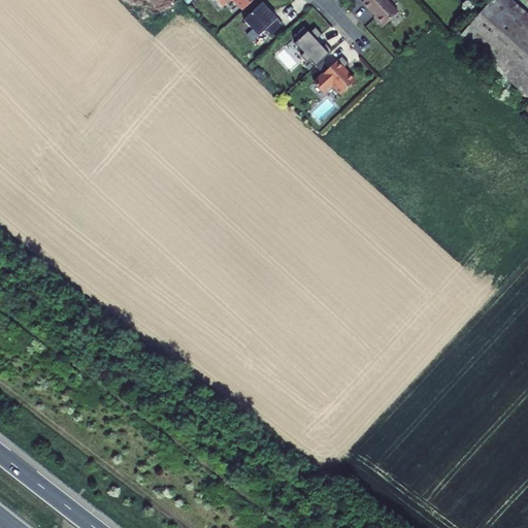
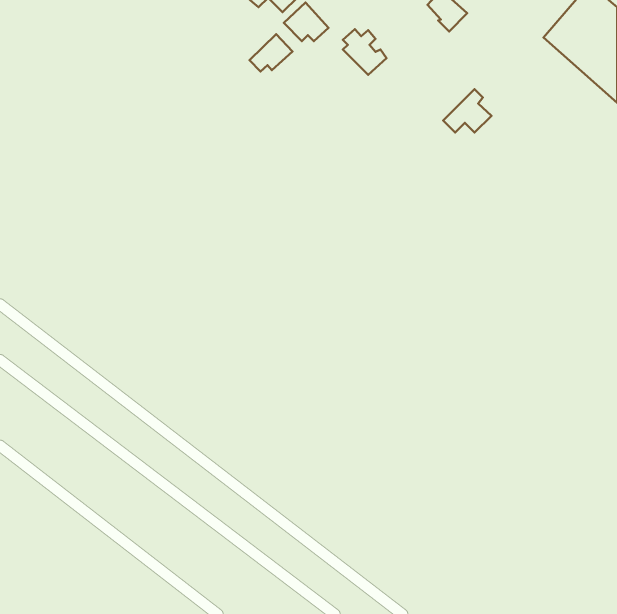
building: none -> [249,34,293,71]
building: [314,55,355,92] -> [443,89,491,133]

